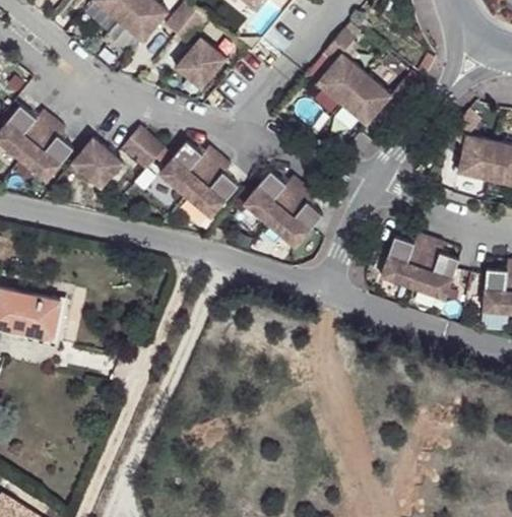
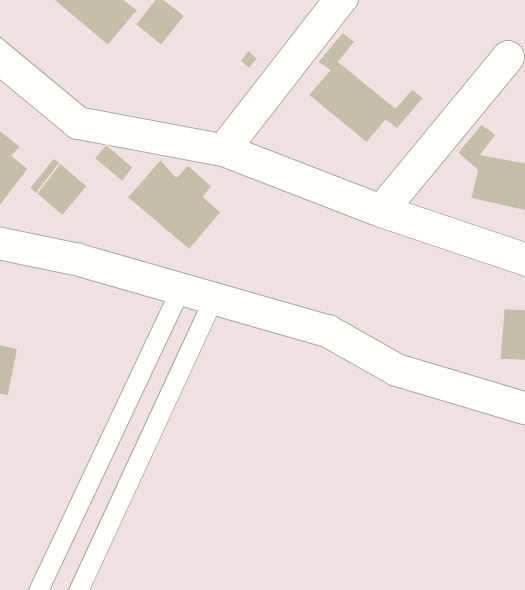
building: [175,37,226,88] -> none
building: [242,171,322,247] -> none
building: [377,230,456,299] -> none

